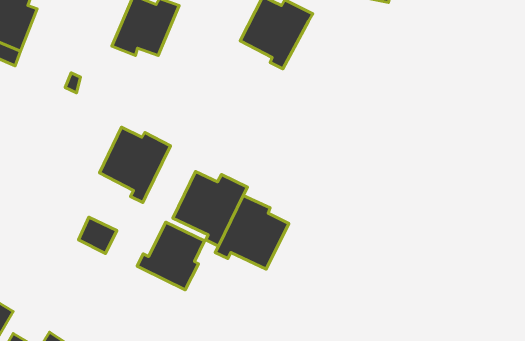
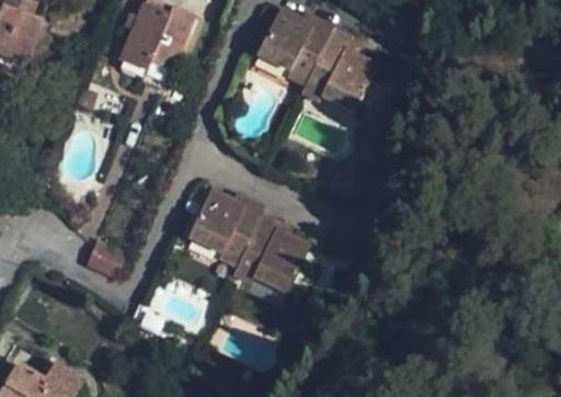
building: none -> [298,31,376,107]
building: [99,127,171,203] -> none
building: [137,222,205,290] -> none

